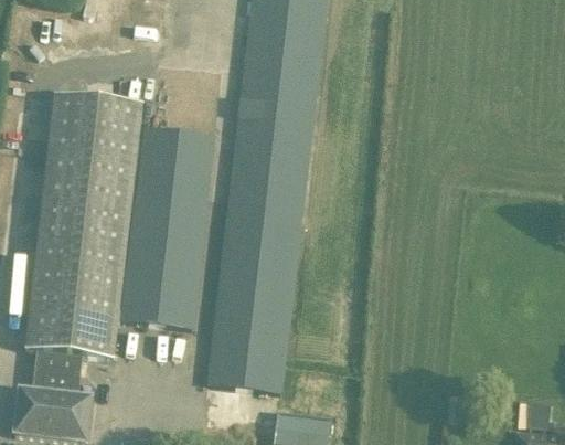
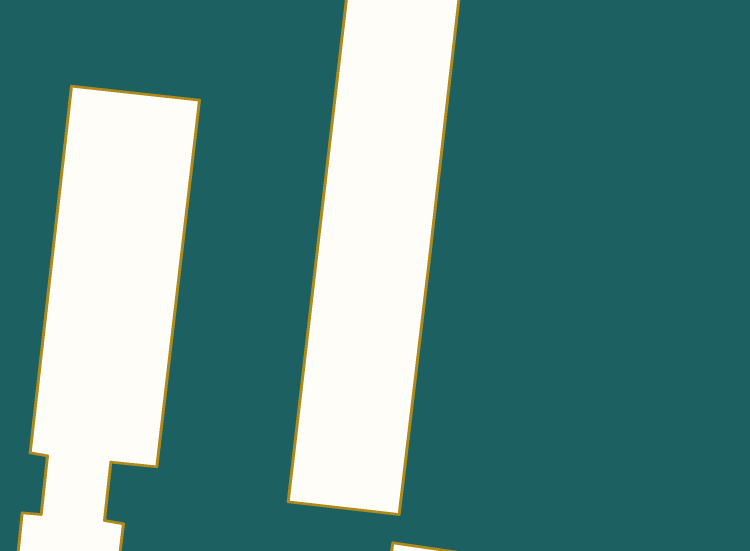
building: [120,125,216,328] -> none

